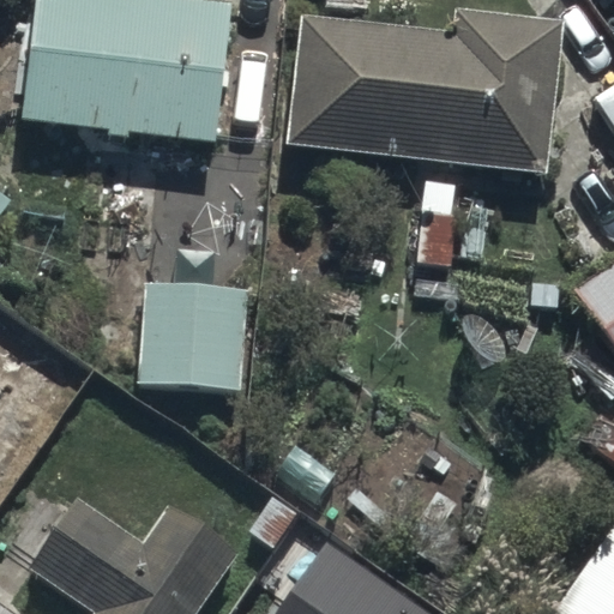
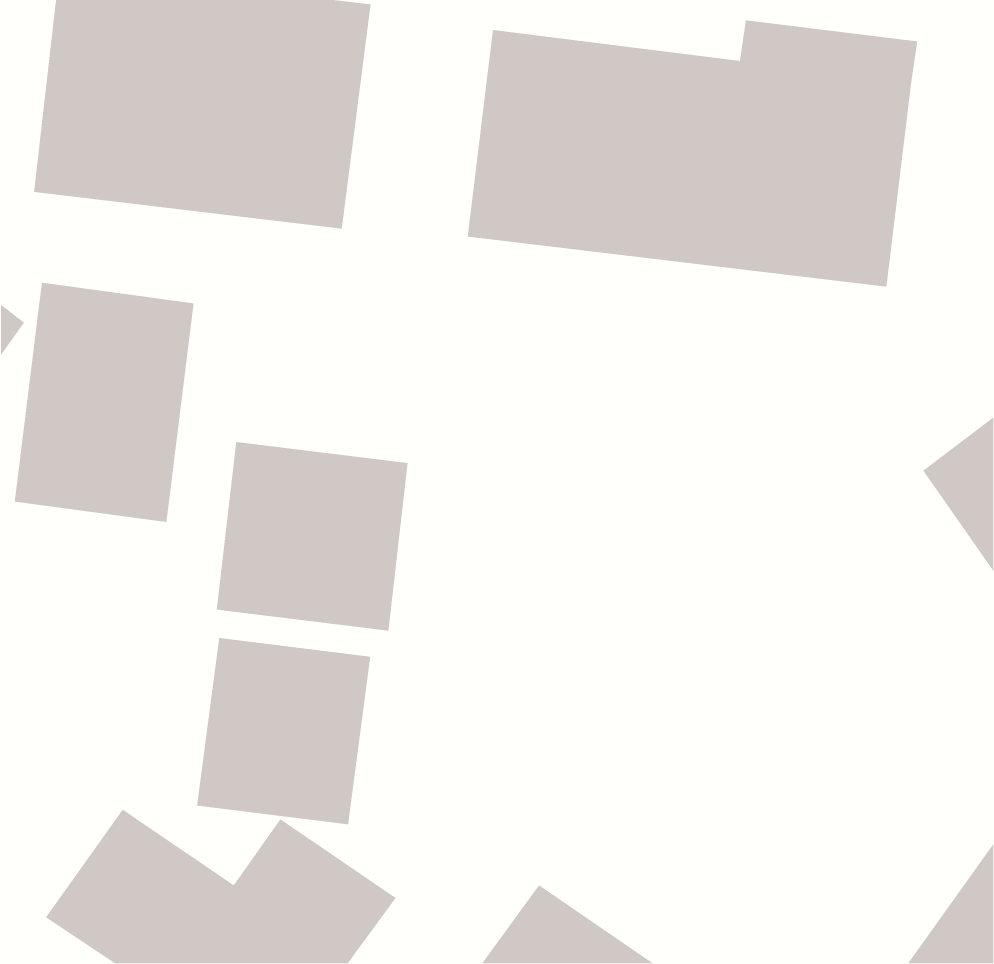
building: none -> [14,282,194,523]
building: none -> [196,637,371,825]

